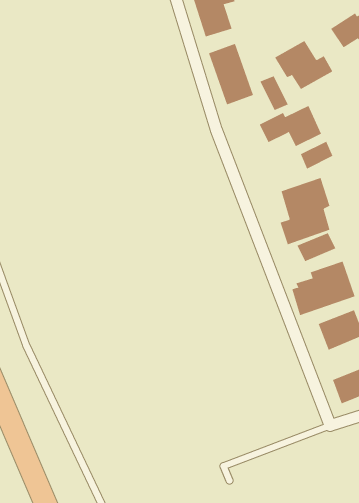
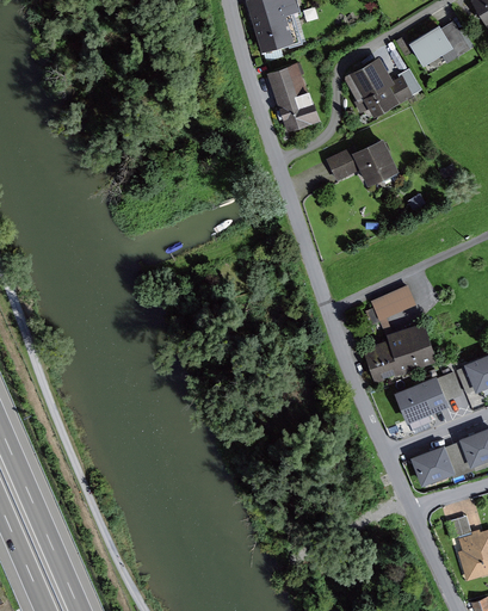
building: [260,75,289,111] -> none
building: [300,141,333,169] -> none
building: [280,177,330,245] -> none

